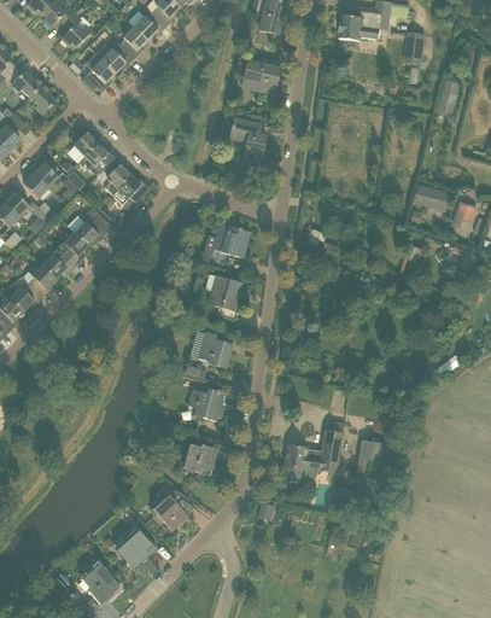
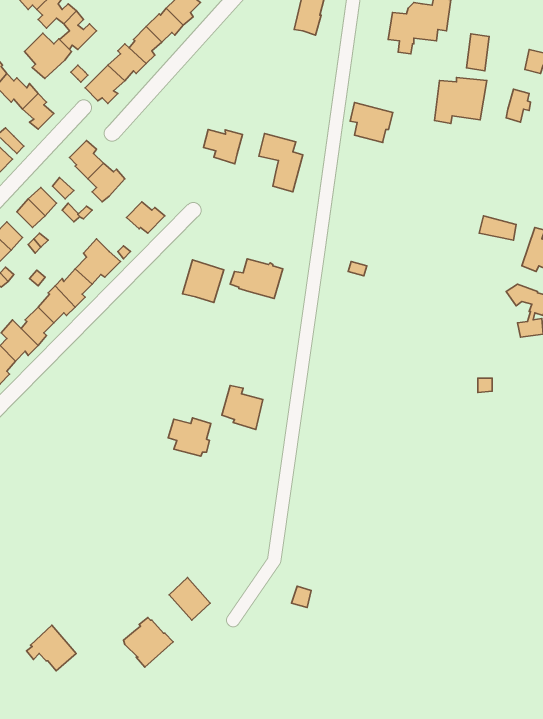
building: none -> [24,33,72,79]
building: [244,59,280,93] -> [350,103,393,142]
building: none -> [434,78,487,123]
building: none -> [203,130,243,164]
building: [103,156,130,193] -> none
building: [207,274,242,310] -> [183,260,224,302]
building: [188,387,224,420] -> [168,418,211,456]
building: [285,419,344,479] -> none
building: [356,439,384,480] -> none
building: [183,444,217,470] -> none
building: [78,561,121,600] -> [26,625,76,671]

